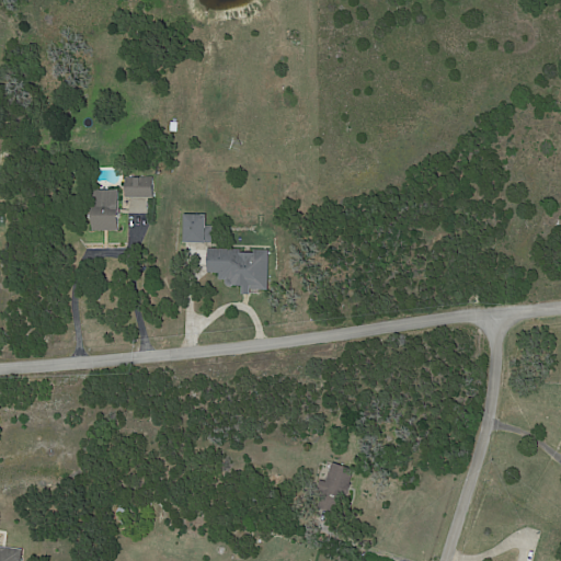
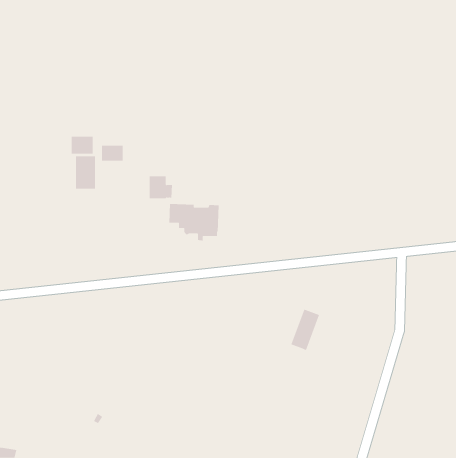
building: none -> [71,136,93,155]
building: [316,462,352,514] -> [290,309,320,351]

